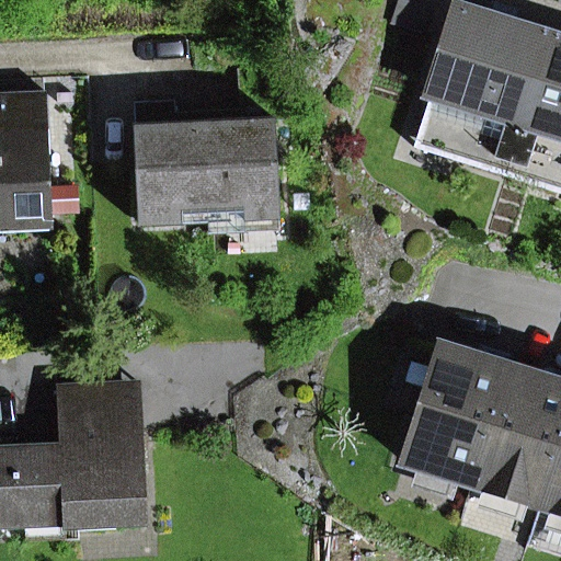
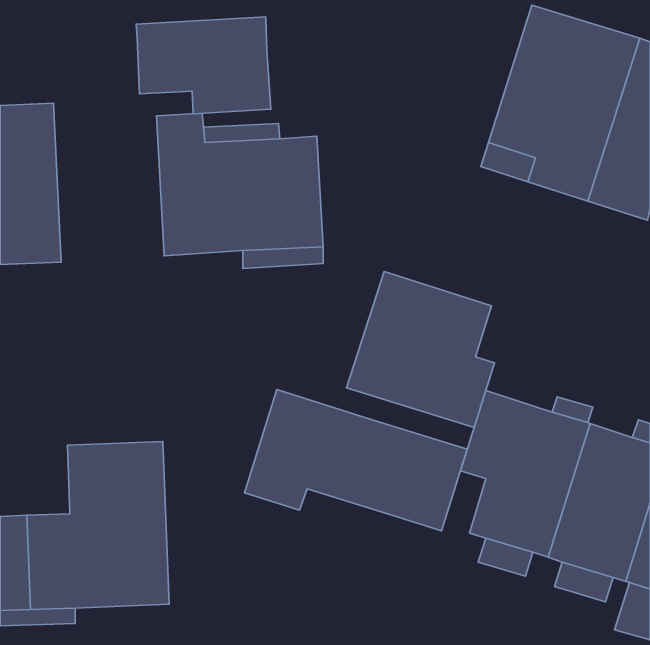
building: none -> [136,17,271,114]
building: none -> [347,272,494,428]
building: none -> [244,389,467,531]

